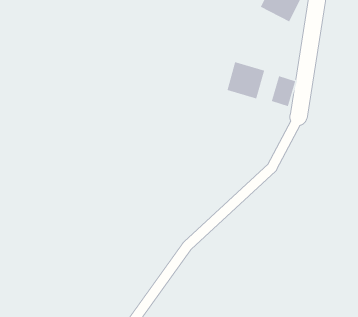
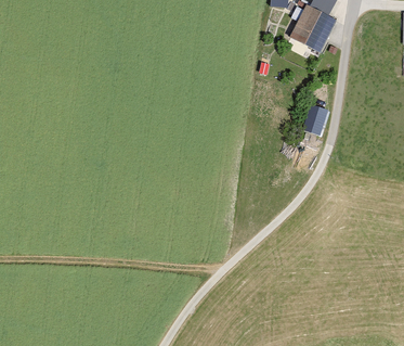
building: [227,61,265,100] -> none

